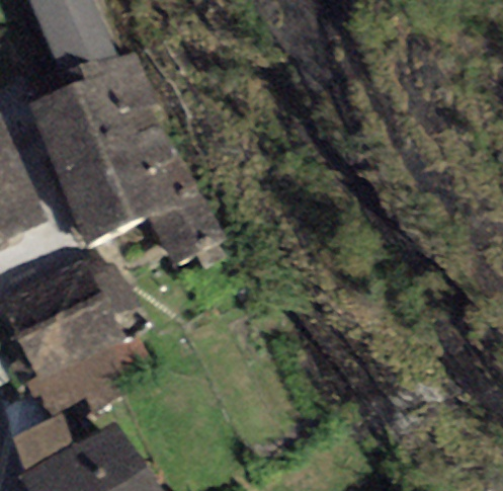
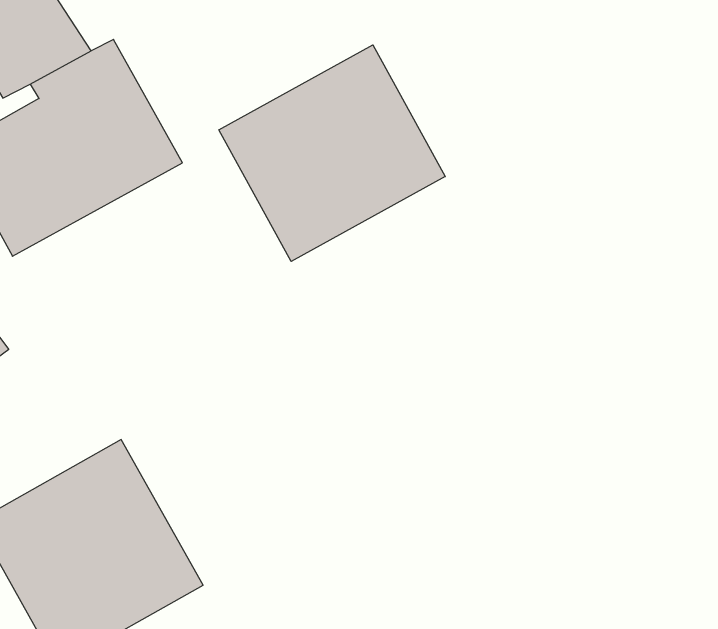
building: none -> [219,45,445,261]
building: [55,129,223,268] -> none

